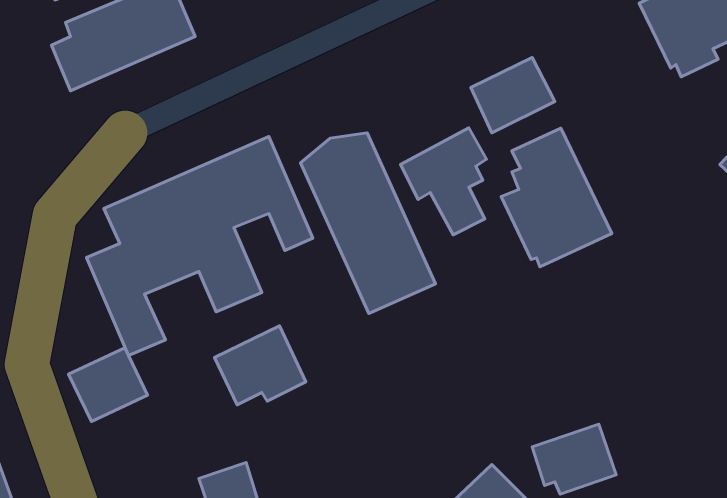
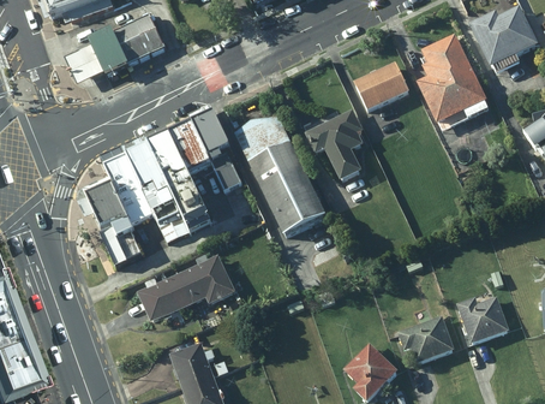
building: [501,128,612,267] -> [414,34,490,129]
building: [69,348,148,422] -> [139,269,193,320]
building: none -> [454,295,508,344]

